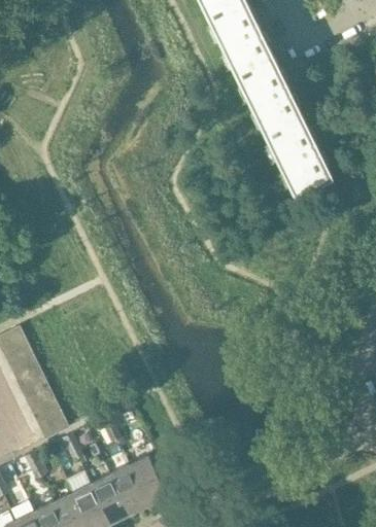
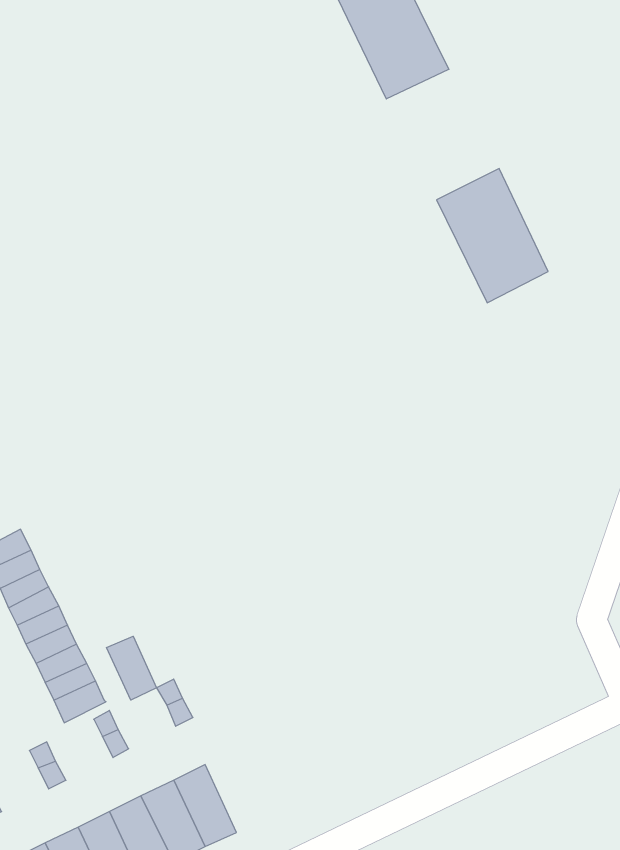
building: [235,56,302,133] -> none
building: none -> [106,636,156,700]
building: [128,457,167,506] -> none

